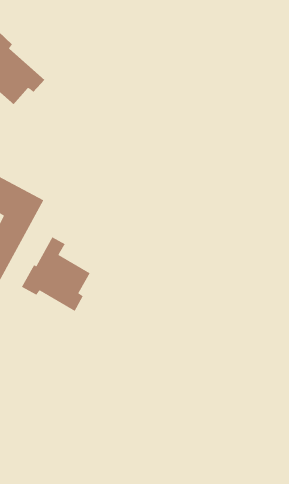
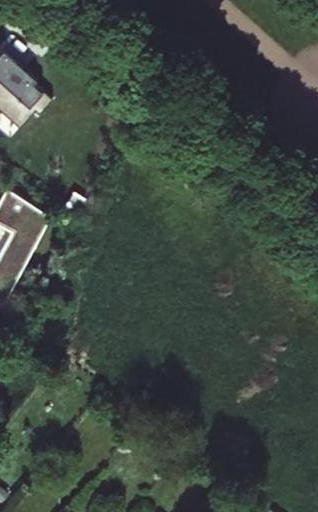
building: [21,237,91,312] -> none

